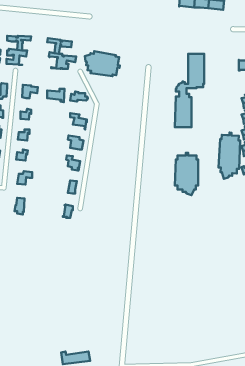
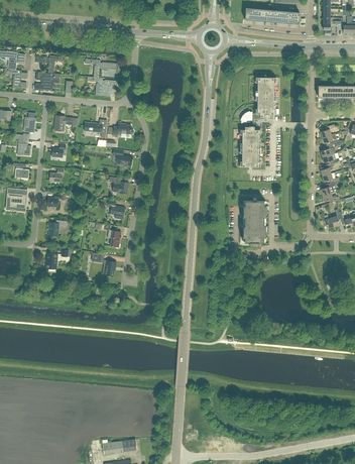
building: [85,51,120,76] -> none
building: [218,133,240,179] -> none

